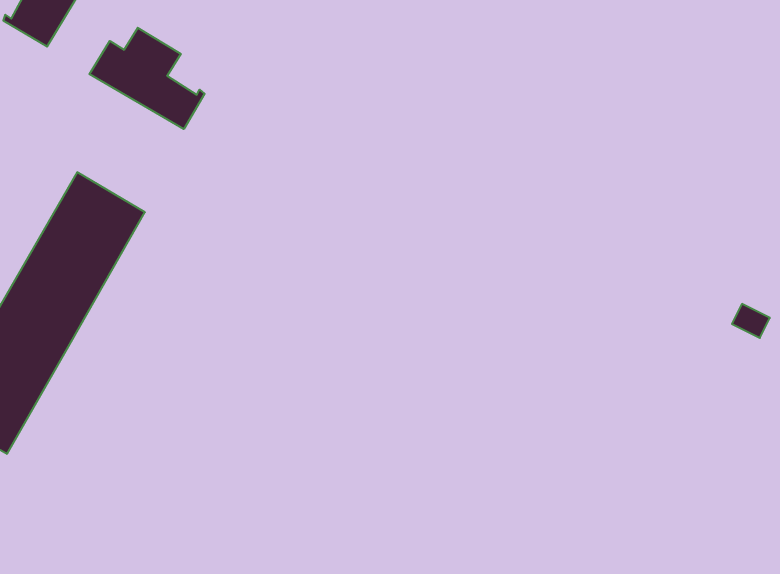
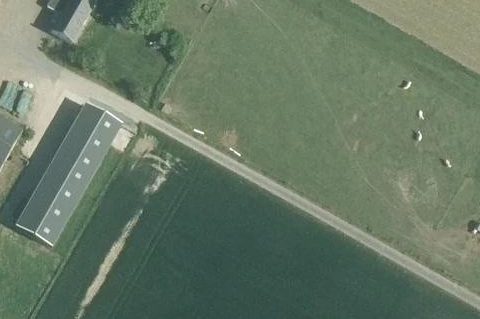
building: [89,28,205,129] -> none

